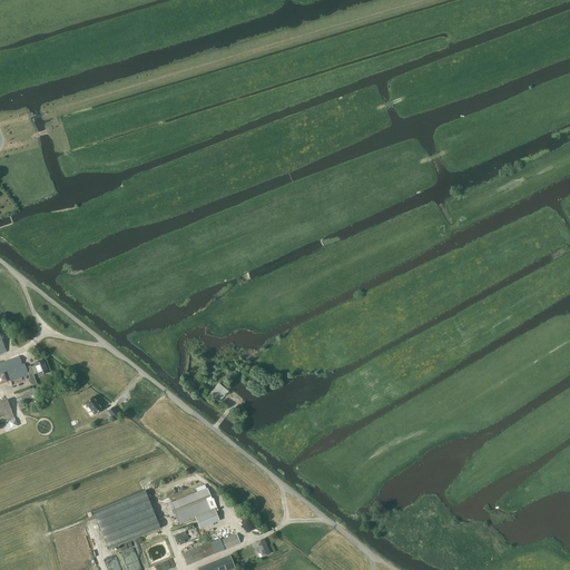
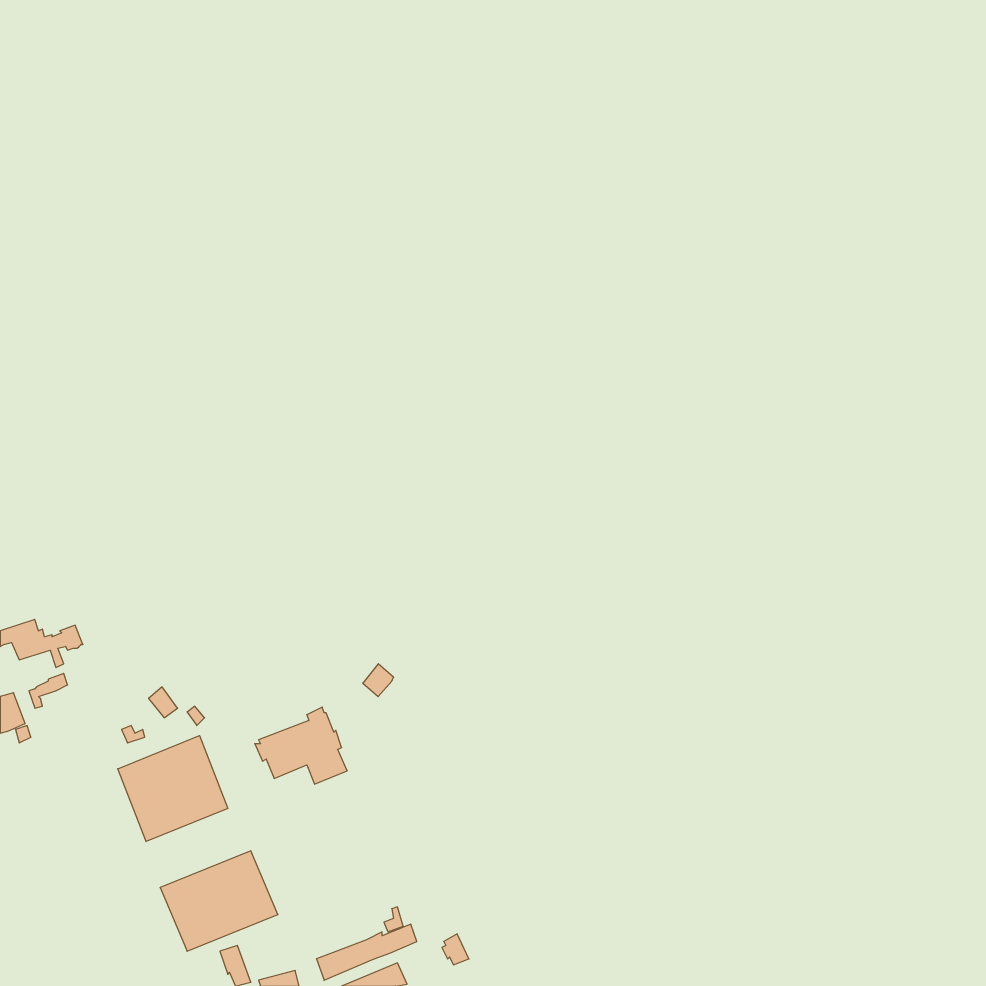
building: none -> [118,736,228,842]
building: [166,484,219,529] -> [255,707,347,784]

